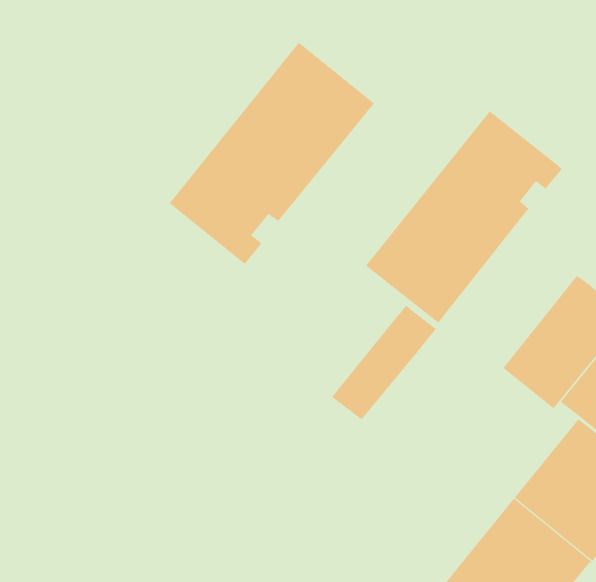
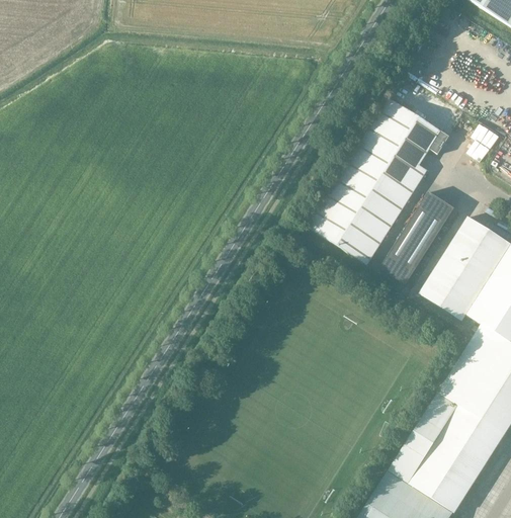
building: [169,42,375,265] -> none
building: [331,304,437,420] -> [381,192,456,284]

